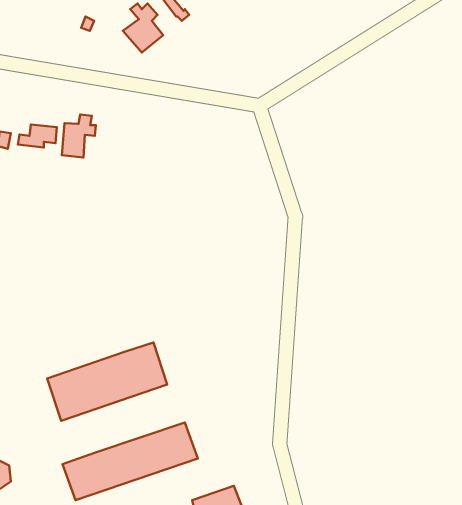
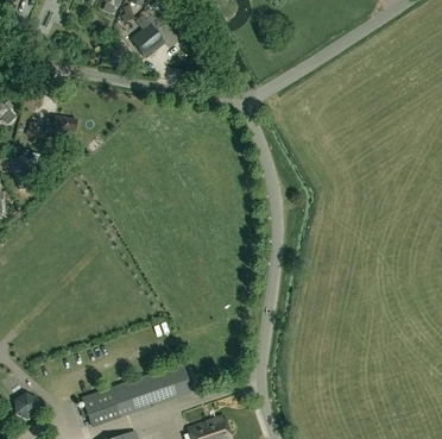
building: [62,115,96,157] -> none
building: [47,342,167,421] -> none

